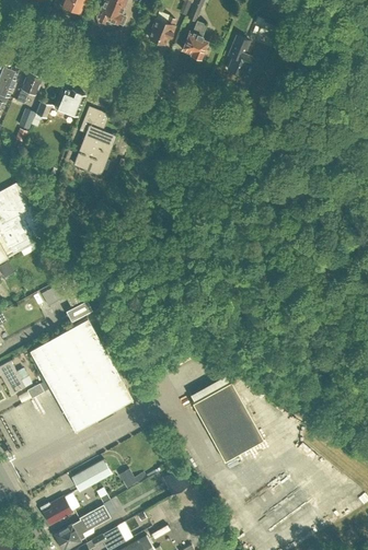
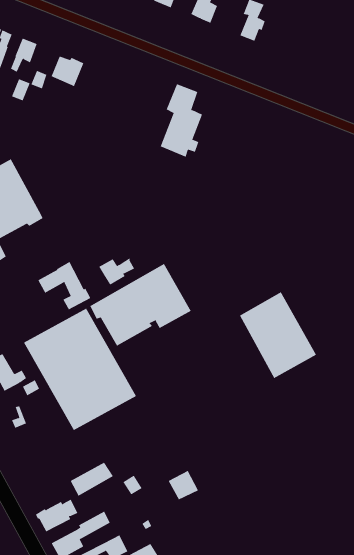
building: [73,107,113,175] -> [160,83,203,157]
building: none -> [98,258,135,285]
building: none -> [90,263,192,346]
building: [192,382,263,461] -> [239,292,317,379]

